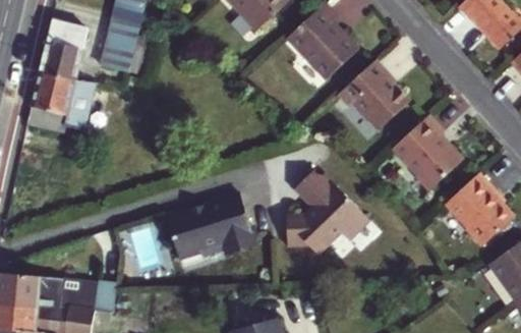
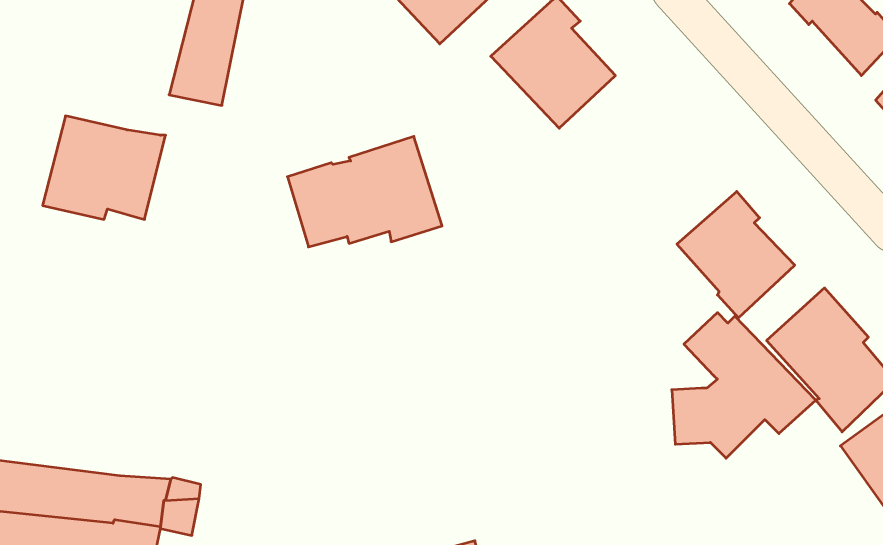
building: [39,18,88,80] -> none
building: [342,59,410,126] -> none
building: [285,170,368,255] -> [672,313,816,458]
building: [166,195,255,259] -> [287,136,442,247]

